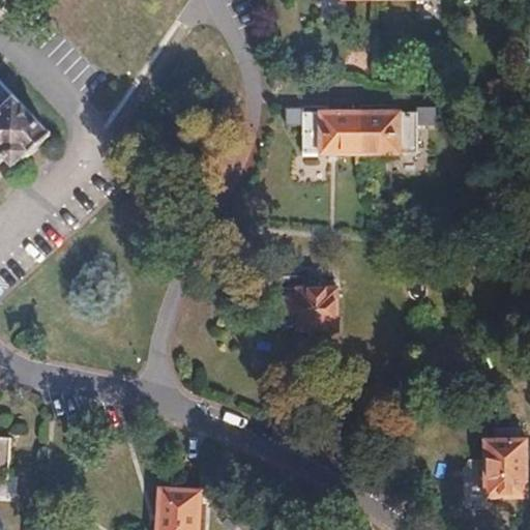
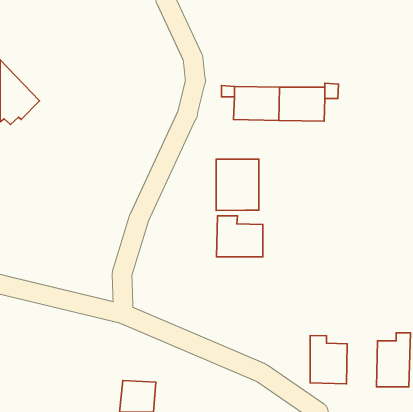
building: none -> [216,159,259,211]
building: none -> [310,335,347,384]

